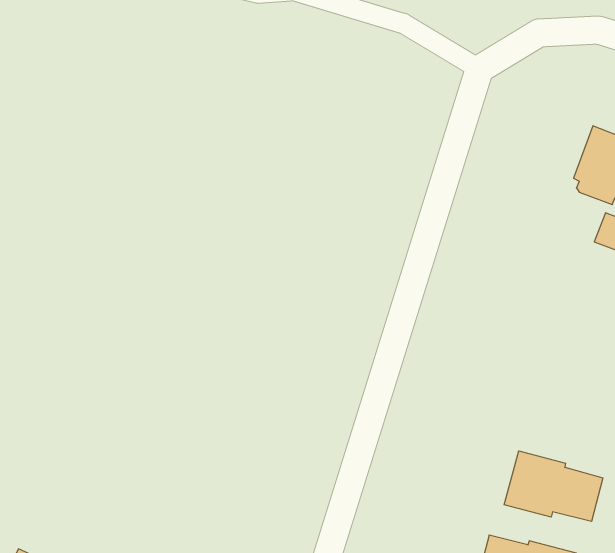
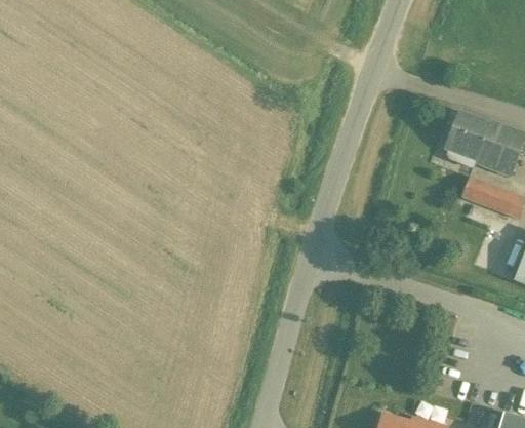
building: [504,451,603,521] -> none

